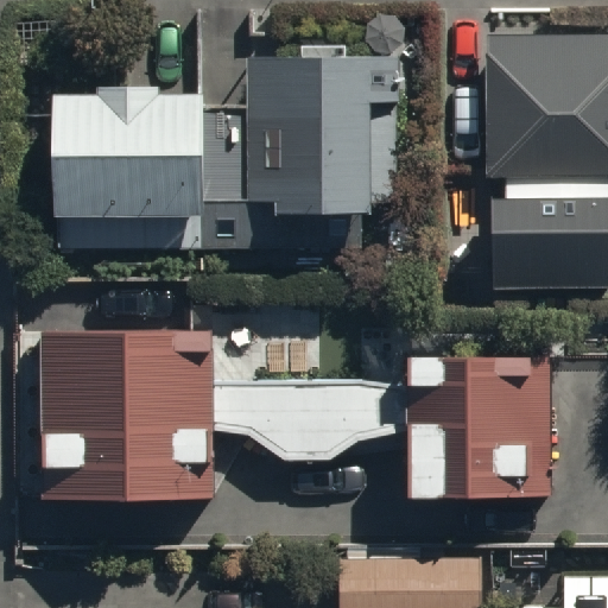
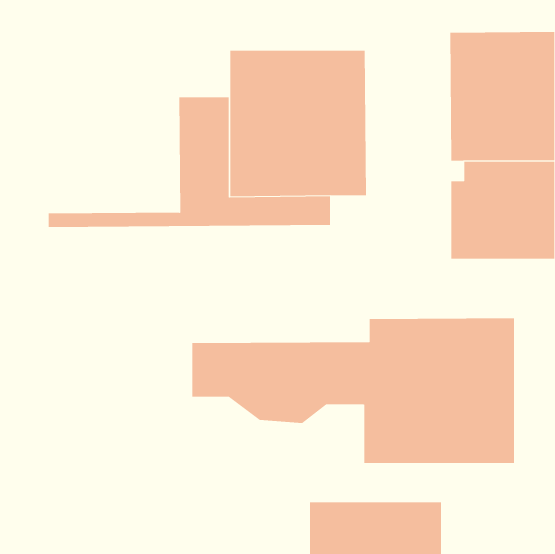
building: [51,94,196,235] -> none
building: [40,328,213,493] -> none

